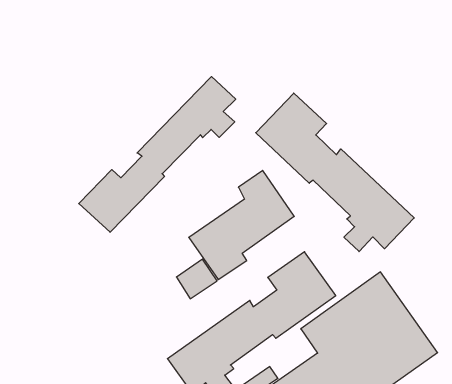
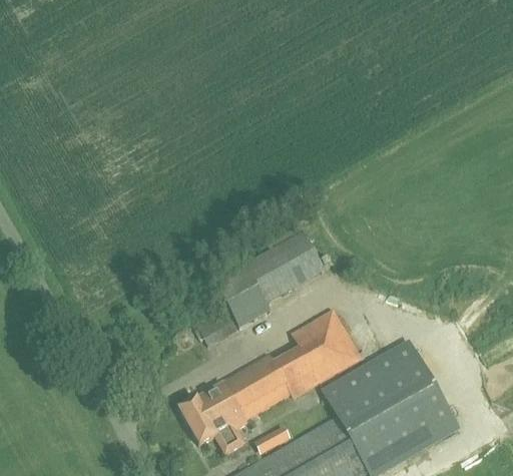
building: [79,77,236,232] -> none
building: [256,93,414,252] -> none

